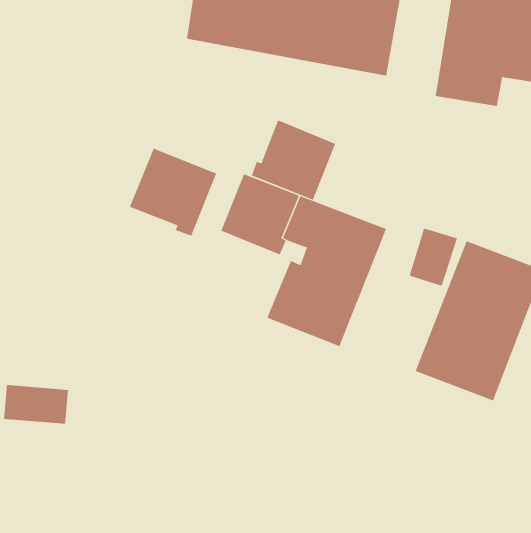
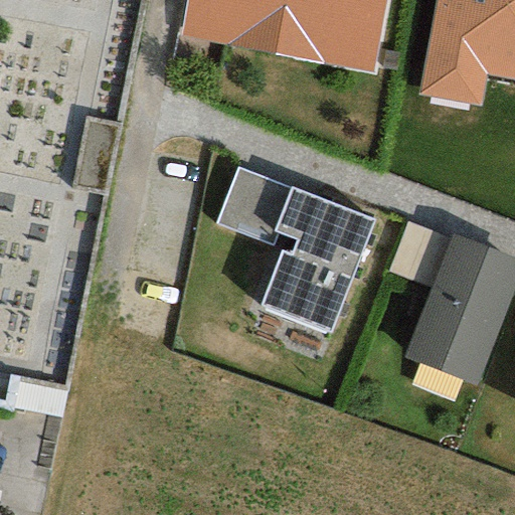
building: [251,120,336,200] -> none
building: [129,148,217,237] -> none

